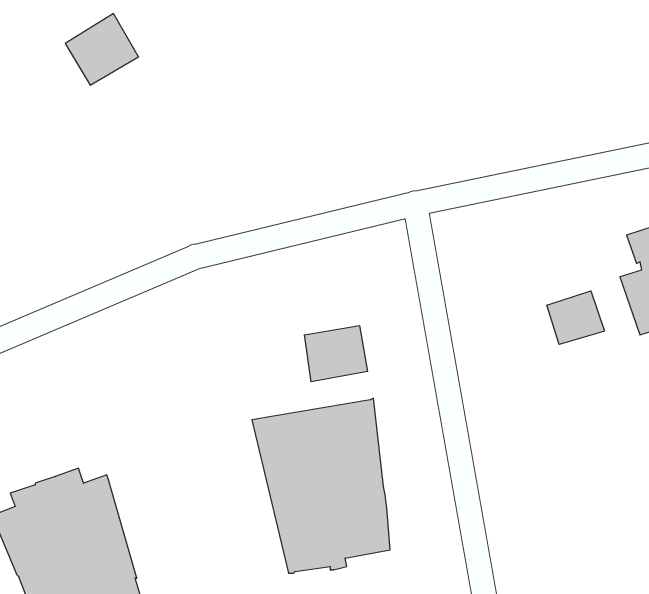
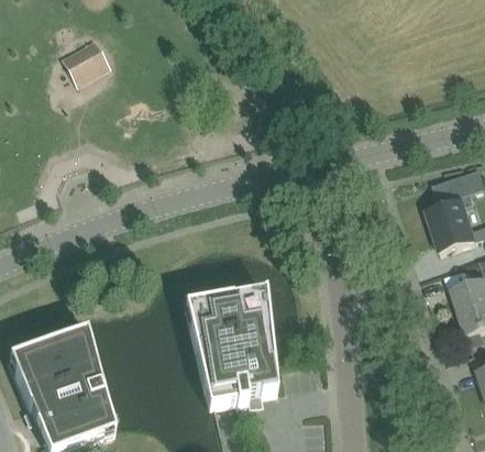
building: [547,291,604,344] -> none
building: [304,326,368,382] -> none

